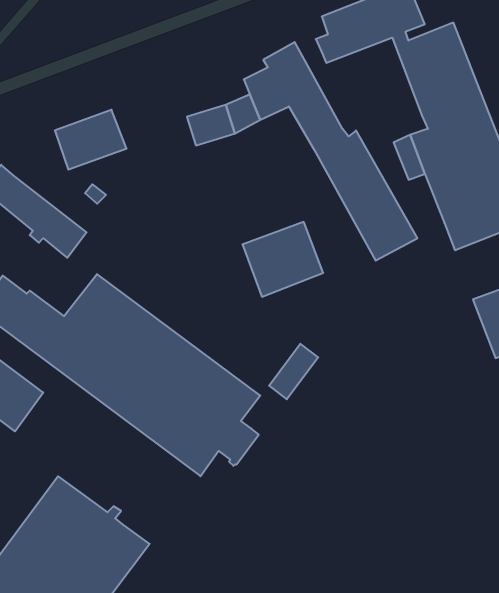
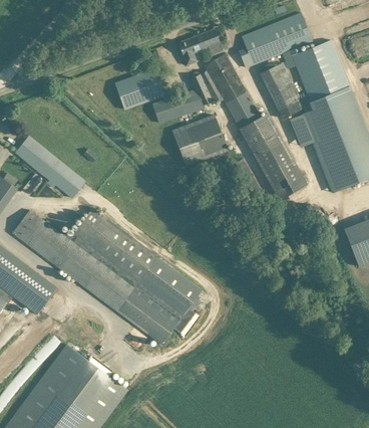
building: none -> [177,29,223,65]
building: none -> [261,61,302,117]
building: [55,110,127,170] -> [115,69,163,110]
building: [242,222,323,297] -> [172,116,227,166]
building: [269,344,318,399] -> none

